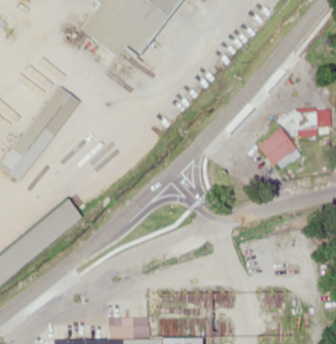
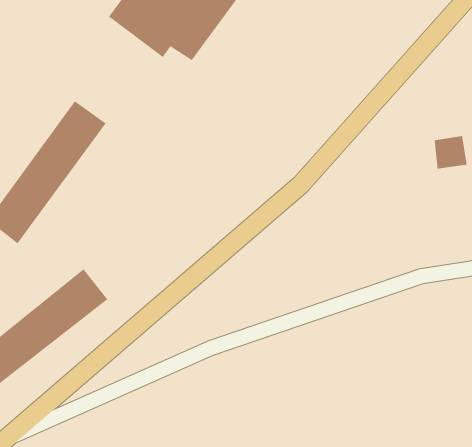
building: [259,128,303,169] -> none

